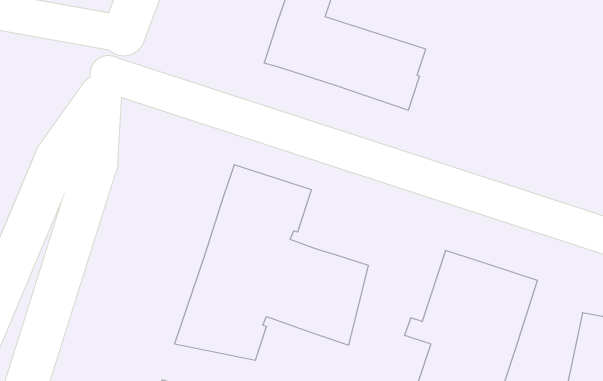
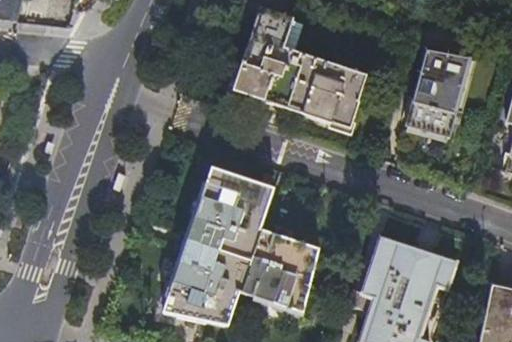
building: none -> [402,45,469,138]

